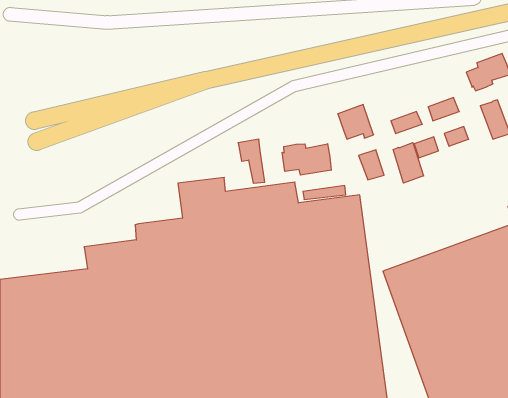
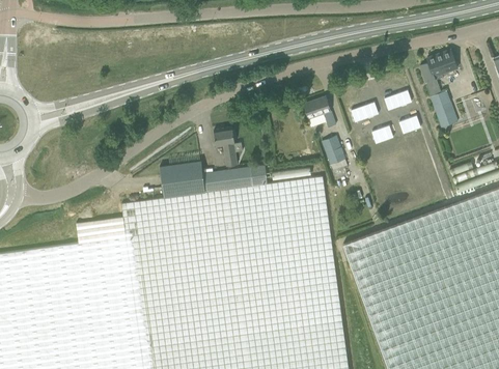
building: [393,143,424,183] -> none
building: [282,144,331,175] -> none

